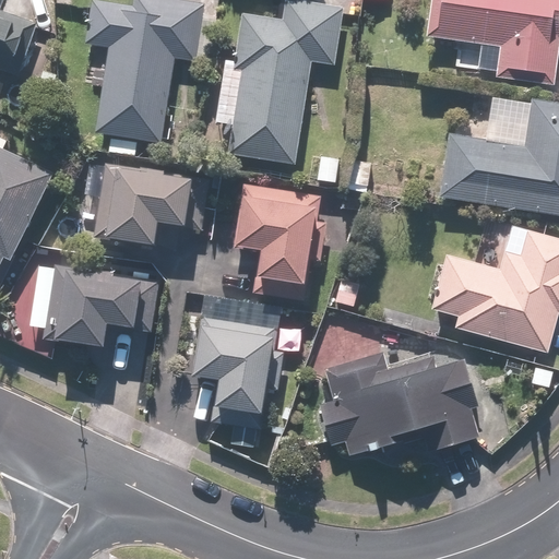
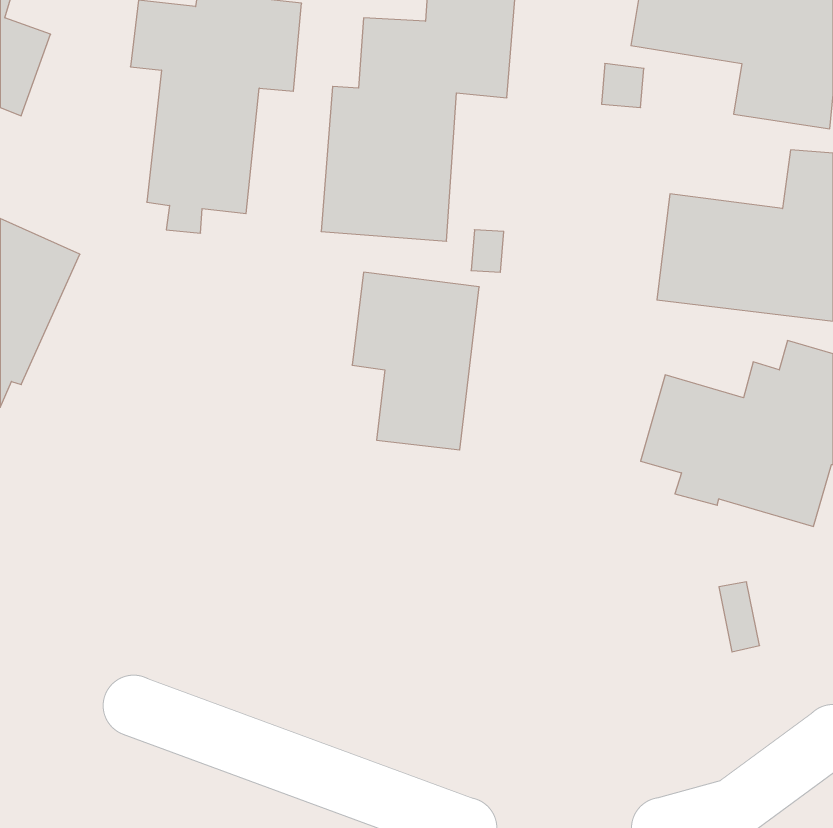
building: [95,160,213,243] -> none
building: [35,264,138,345] -> none
building: [192,296,277,426] -> none
building: [319,348,483,460] -> none

